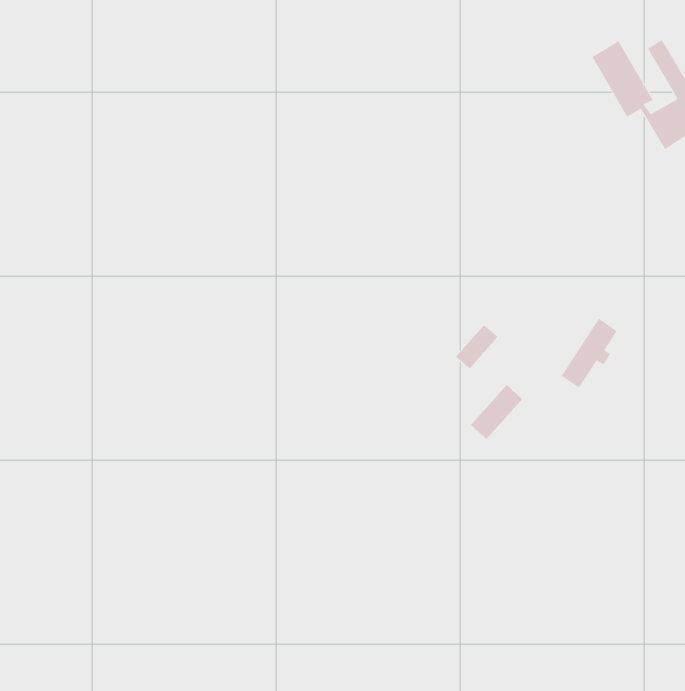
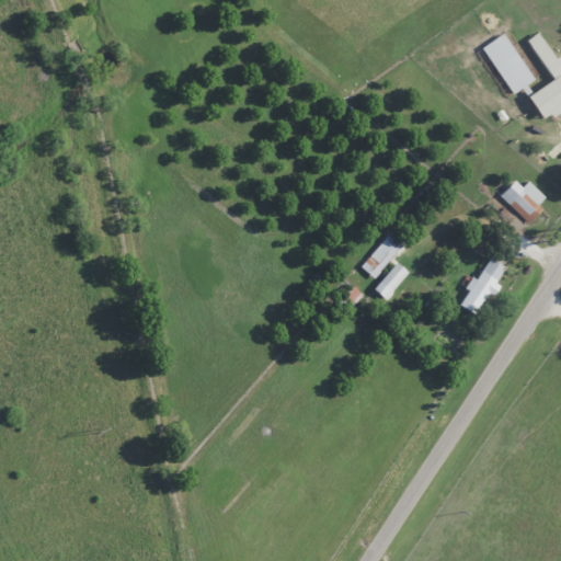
building: none -> [501,181,546,224]
building: [470,384,523,440] -> [362,233,404,278]

